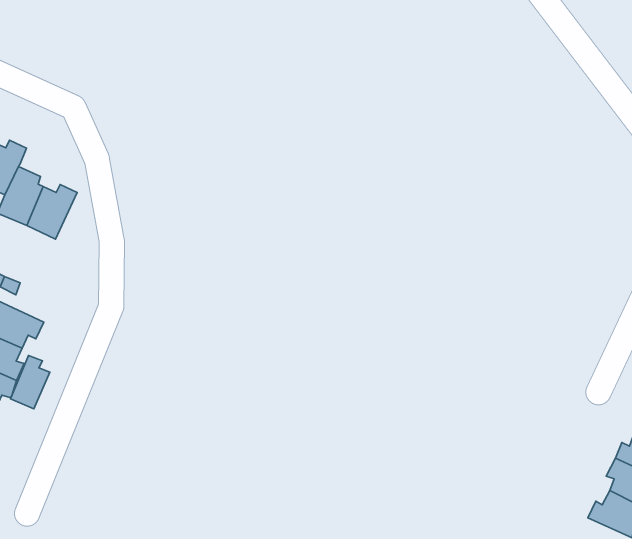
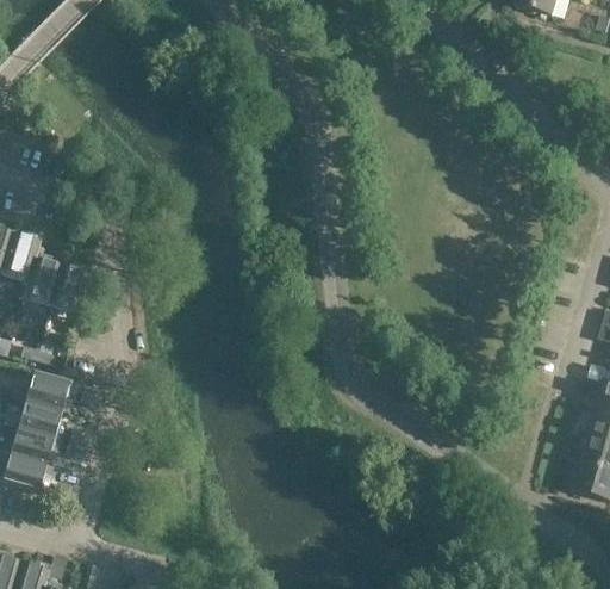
building: [10,355,50,409] -> none

